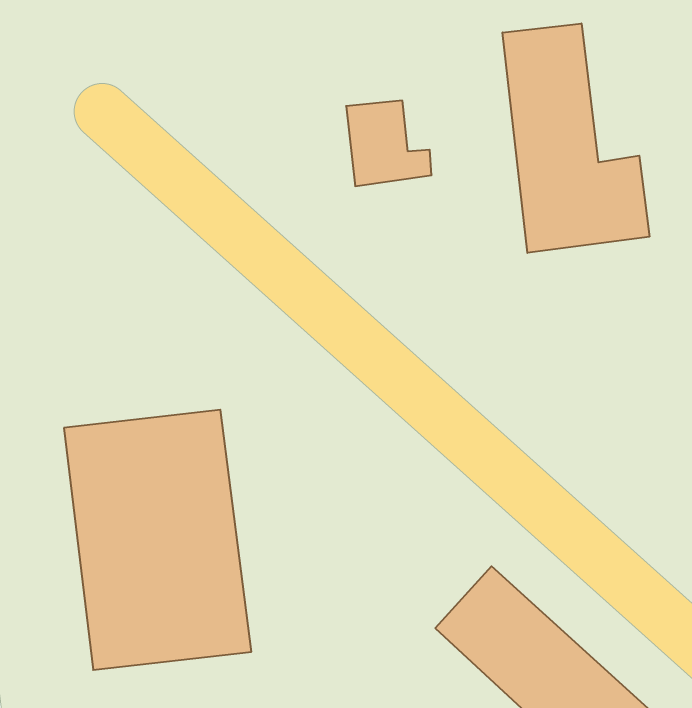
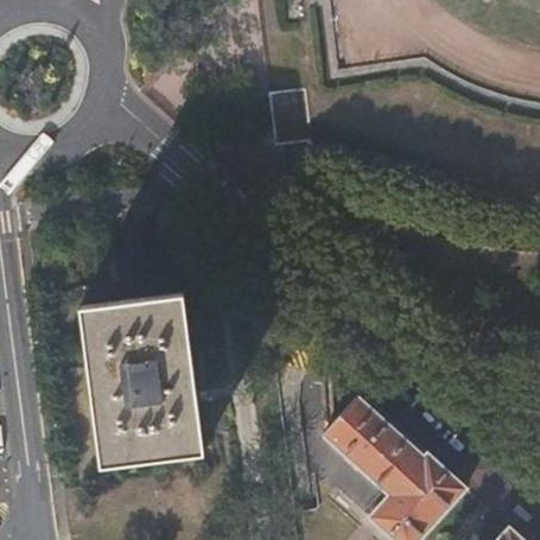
building: [503,23,649,253] -> none

